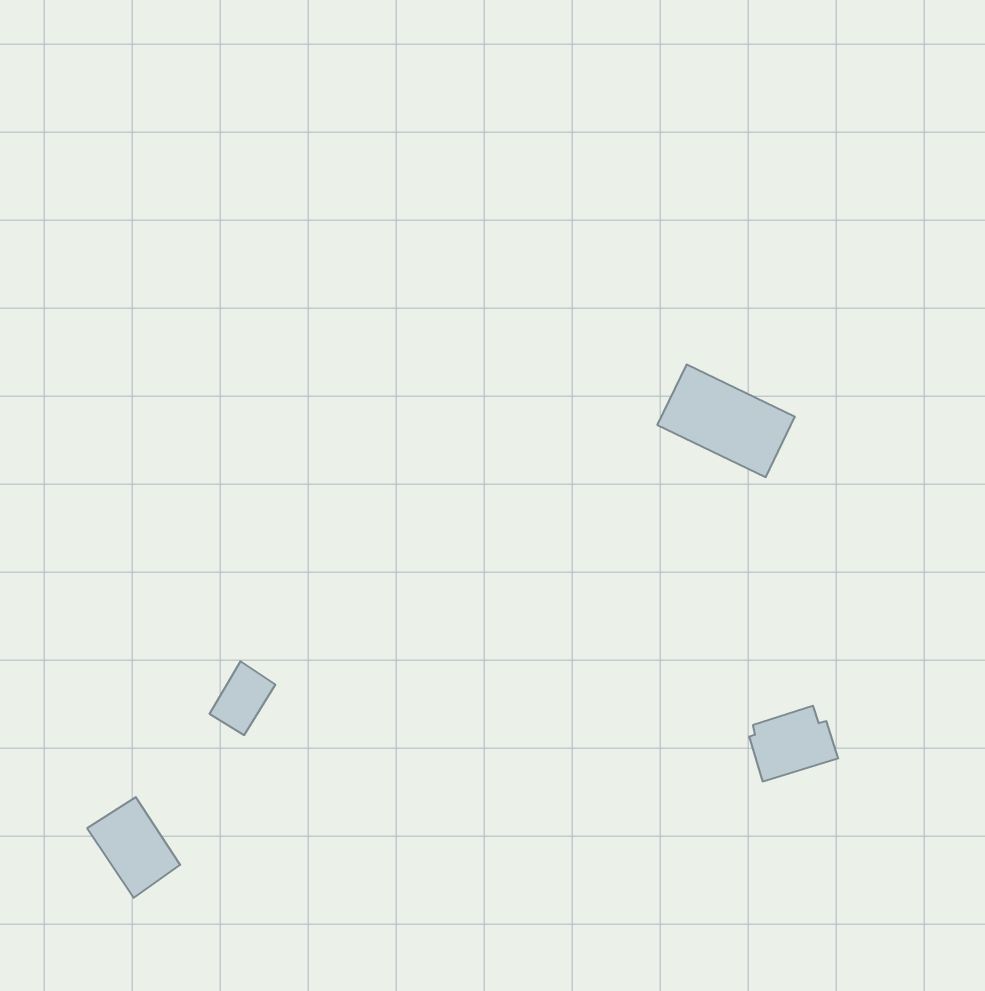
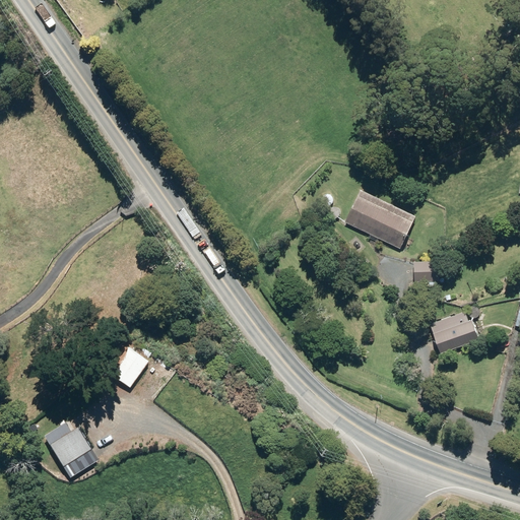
building: none -> [412,262,437,281]
building: [749,706,838,781] -> [432,313,478,352]

